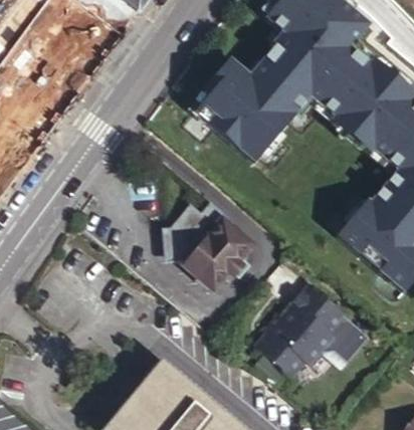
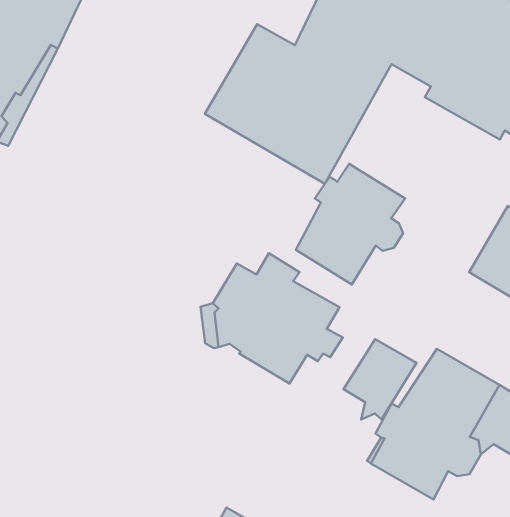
building: none -> [296,164,405,284]
building: none -> [343,339,416,420]

